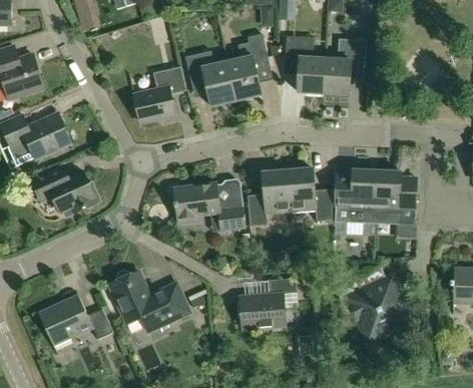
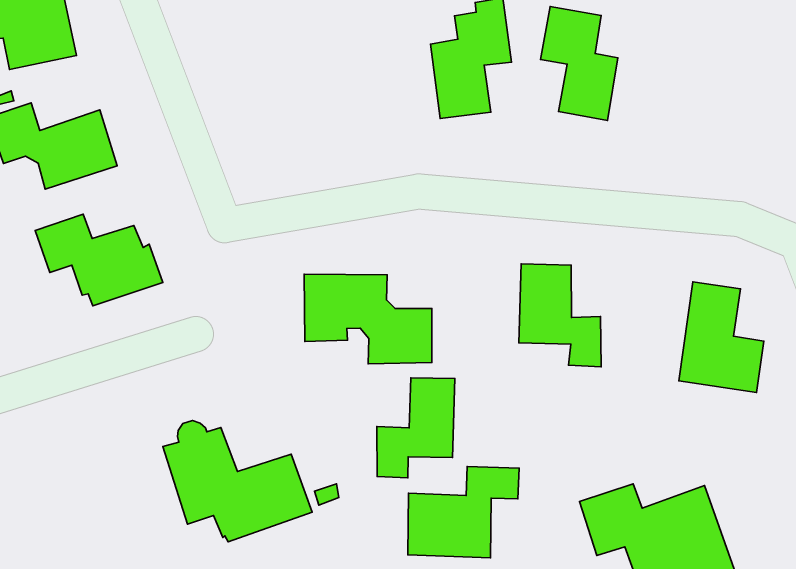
building: [323,38,366,93] -> none
building: [185,50,235,105] -> none
building: [133,66,187,121] -> none
building: [335,169,376,223] -> none
building: [248,170,289,226] -> [377,378,455,478]
building: [38,294,113,345] -> none

